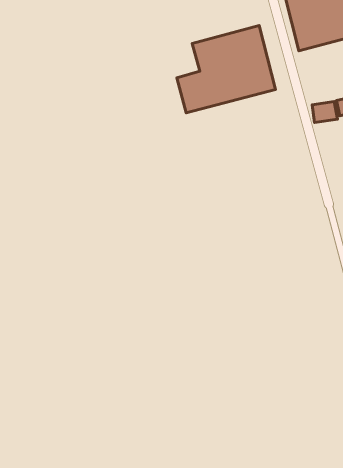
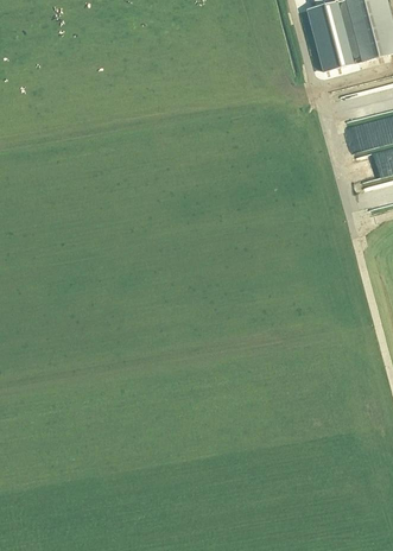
building: [177,25,275,113] -> none

